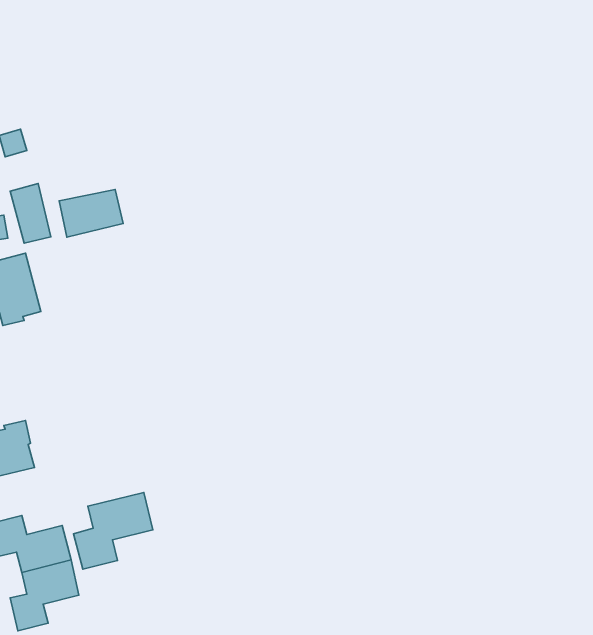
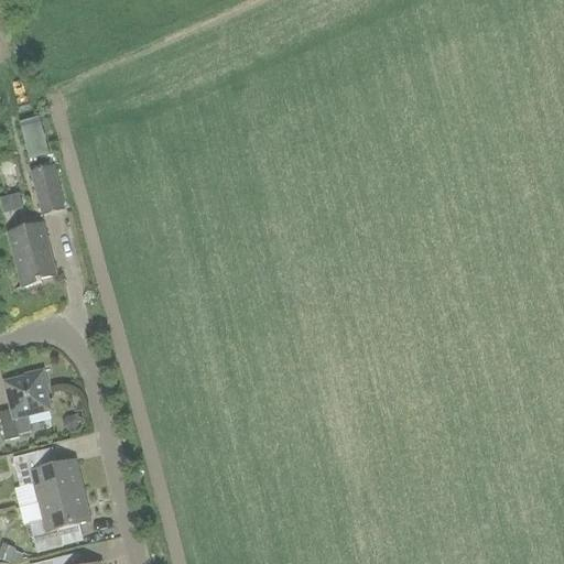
building: [59,189,123,237] -> none
building: [73,492,153,569] -> none

